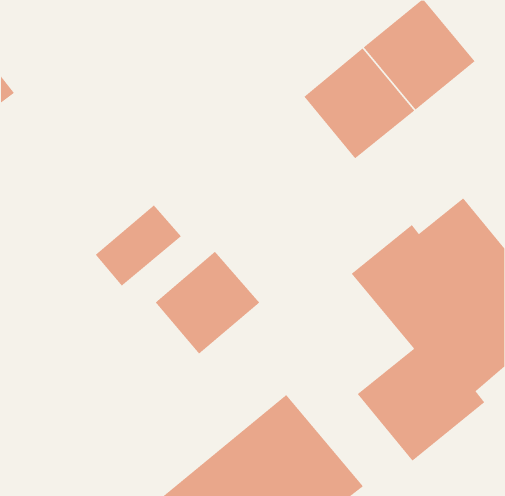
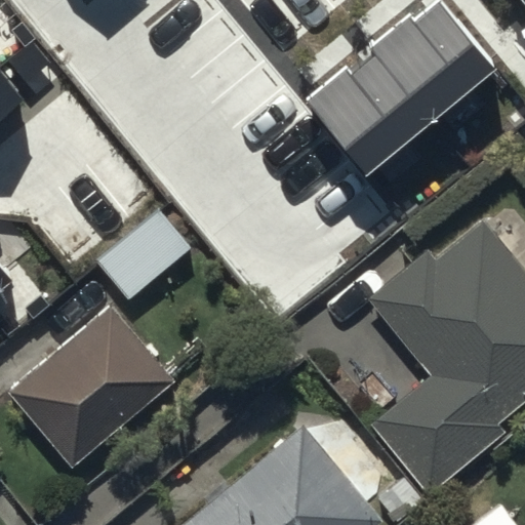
building: [155,251,260,355] -> none
building: none -> [10,312,175,472]

